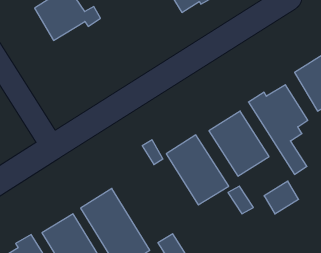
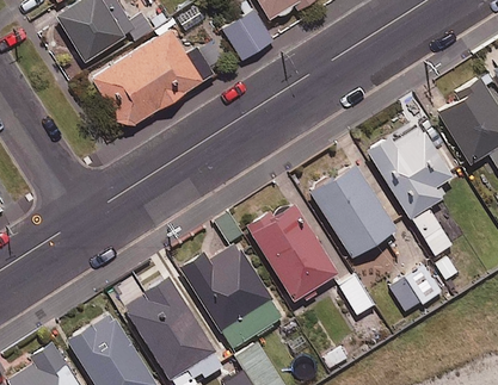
building: none -> [222,10,272,61]
building: none -> [91,29,217,130]
building: none -> [180,243,283,349]

